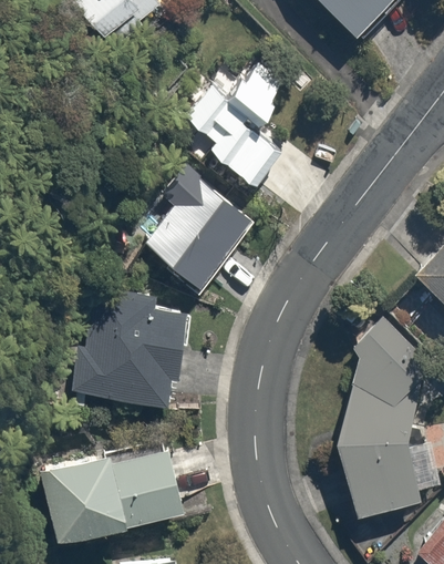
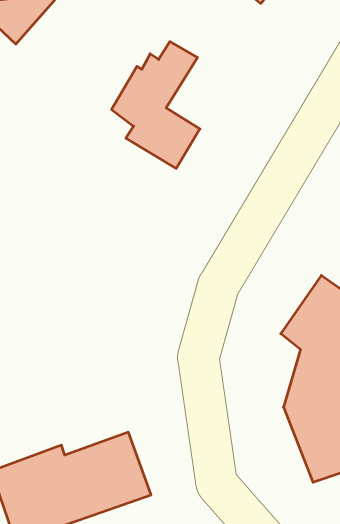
building: [145,168,254,289] -> none
building: [72,293,192,402] -> none

